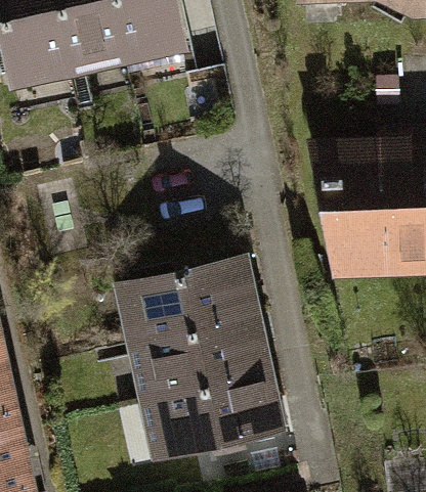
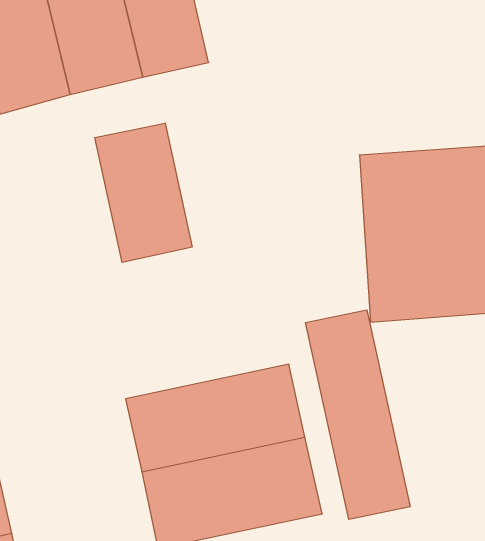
building: none -> [95,123,192,262]
building: [111,255,259,343] -> none
building: none -> [305,310,410,519]

